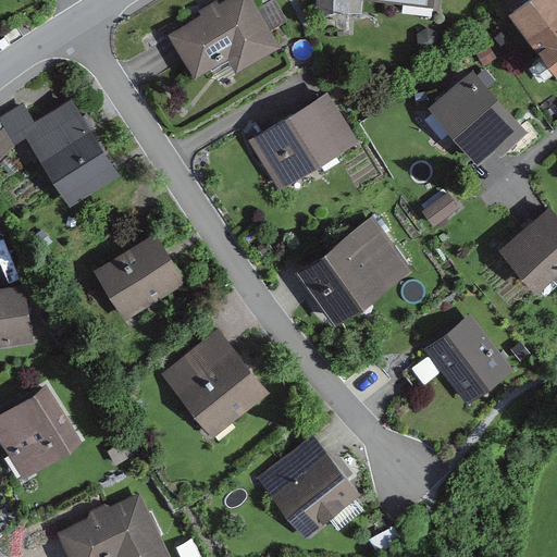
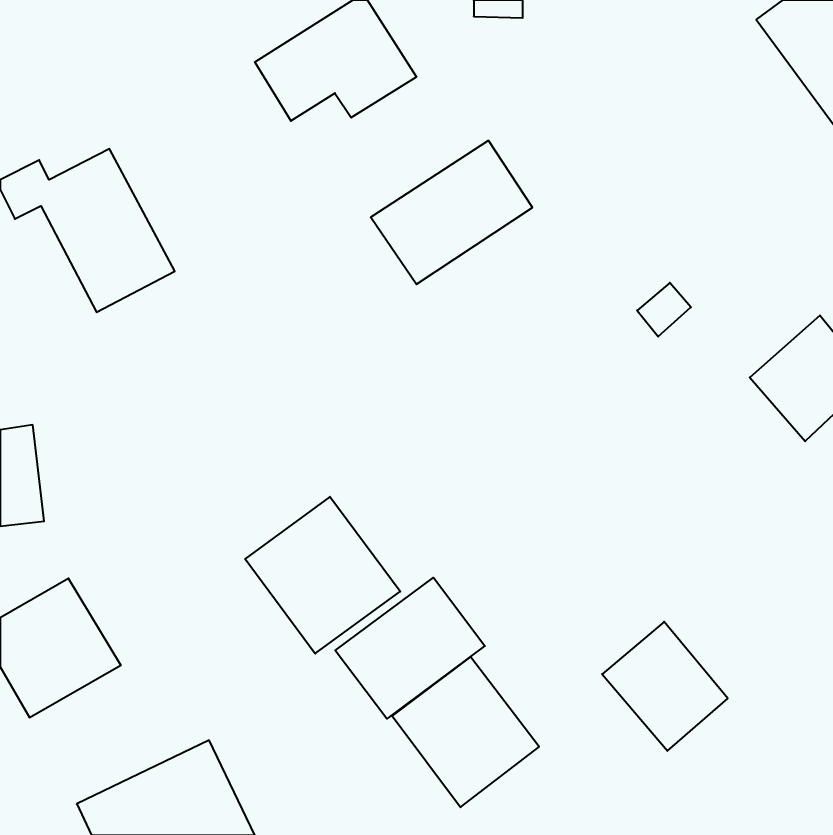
building: [431,72,520,164] -> none
building: [296,215,410,322] -> none
building: [95,233,185,318] -> none
building: [425,319,509,405] -> [602,622,728,751]
building: none -> [335,578,485,719]

